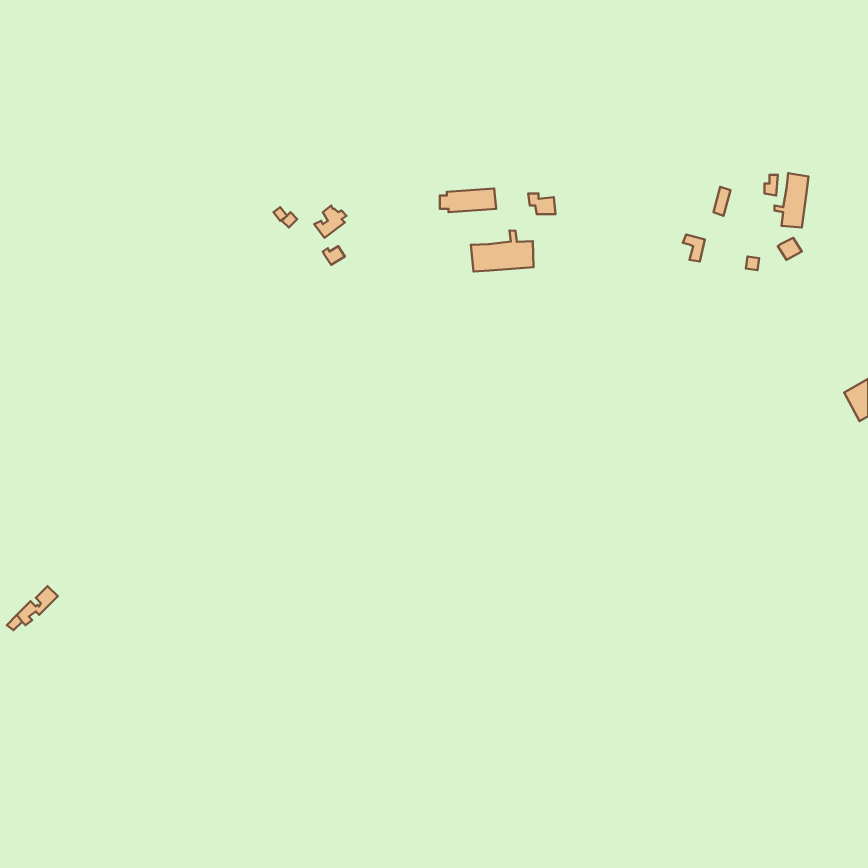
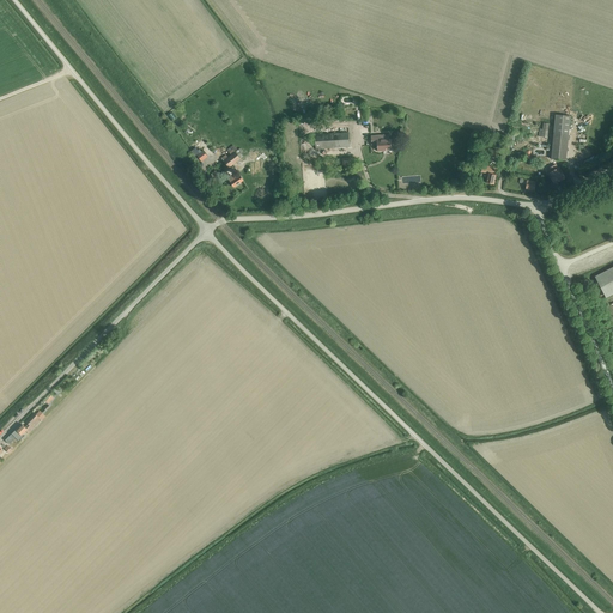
building: [471,231,533,271] -> none

